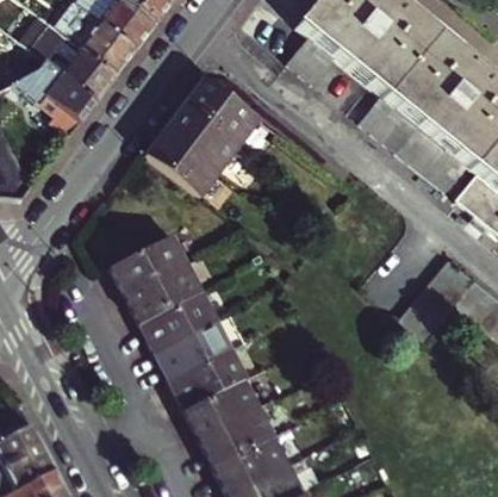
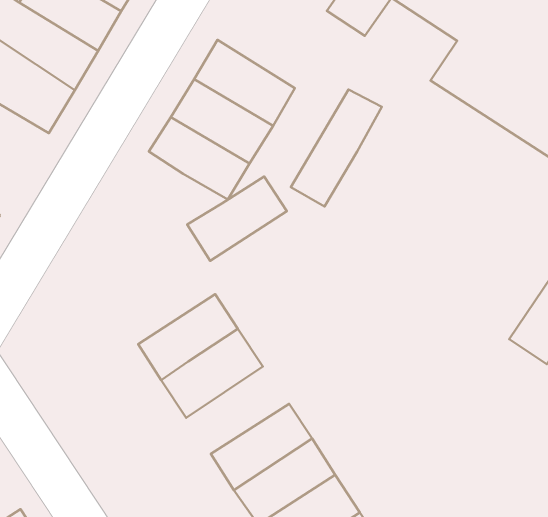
building: none -> [291,89,382,206]
building: [110,236,185,294] -> [187,176,287,261]
building: [154,321,231,381] -> none

